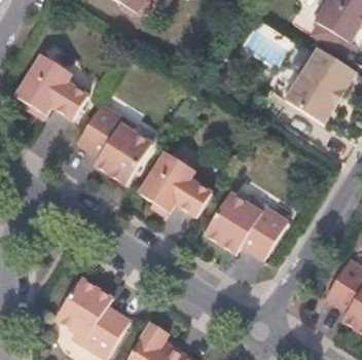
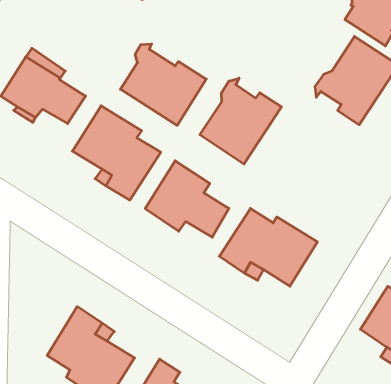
building: none -> [120,44,206,125]
building: none -> [200,78,281,164]

